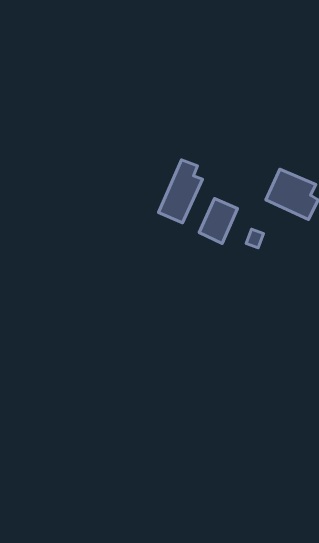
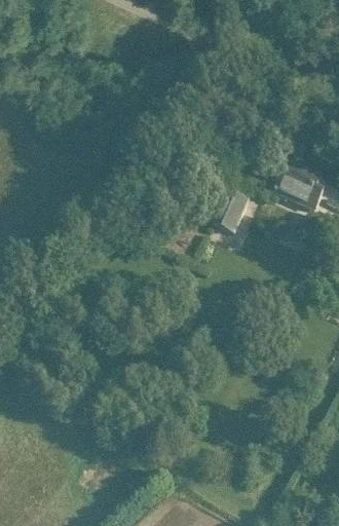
building: [159,160,202,223] -> none

